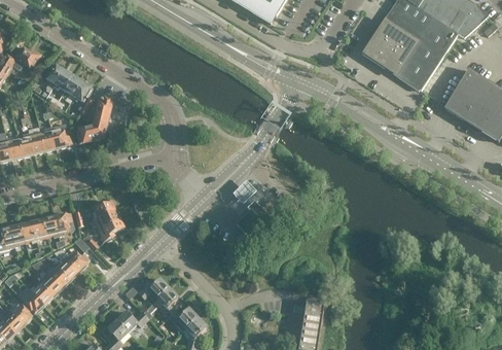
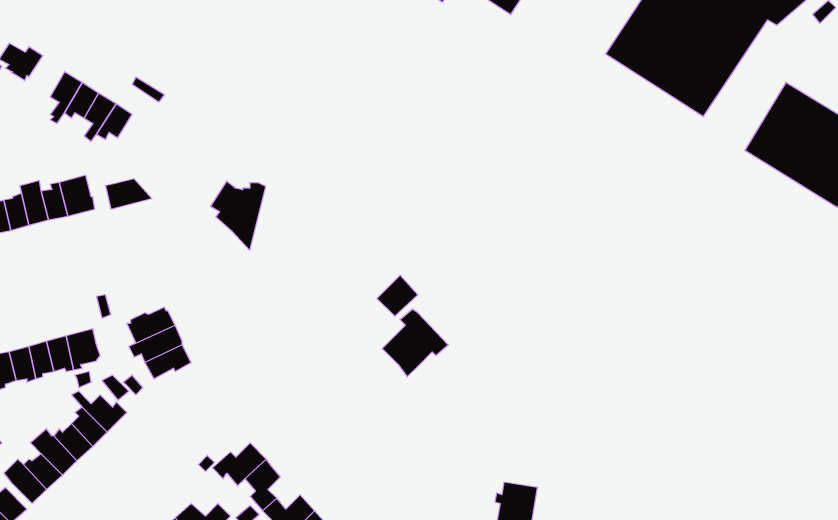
building: [80,96,112,136] -> [210,181,266,251]

